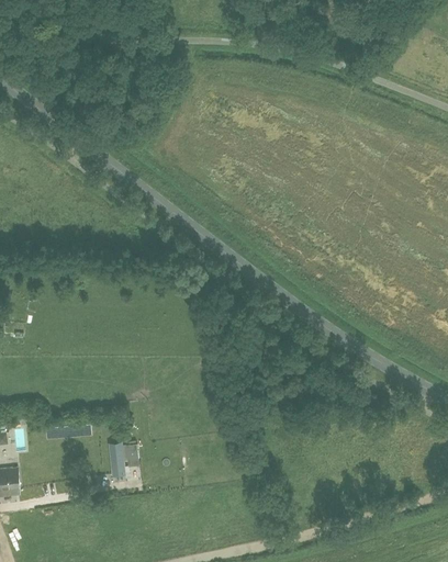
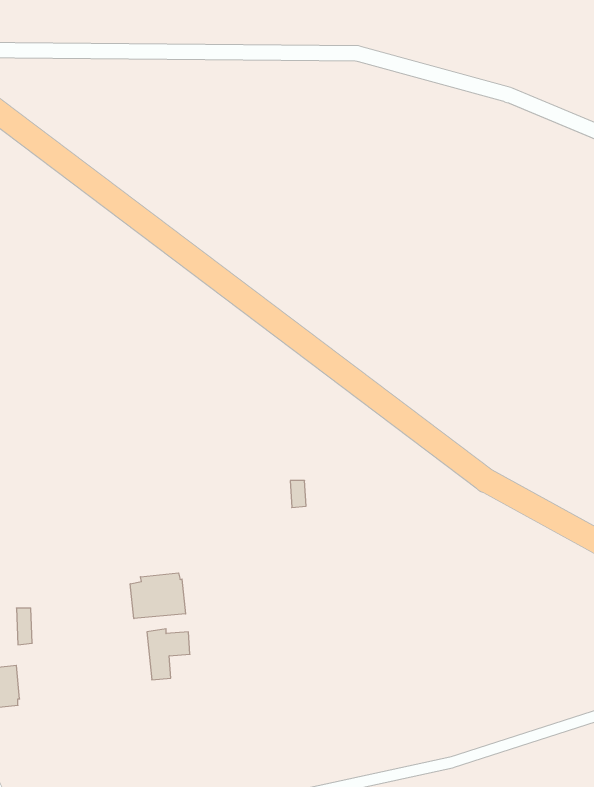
building: none -> [130,573,186,619]

